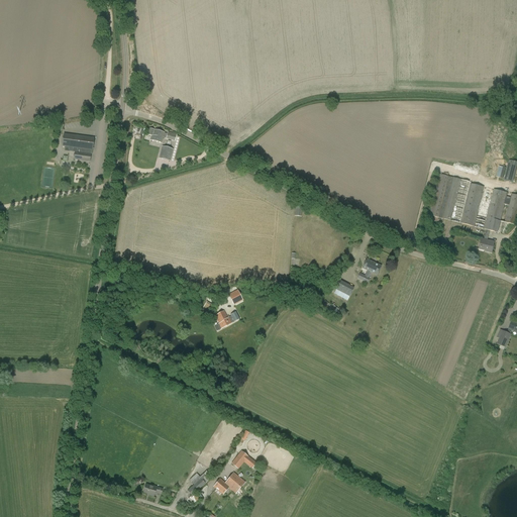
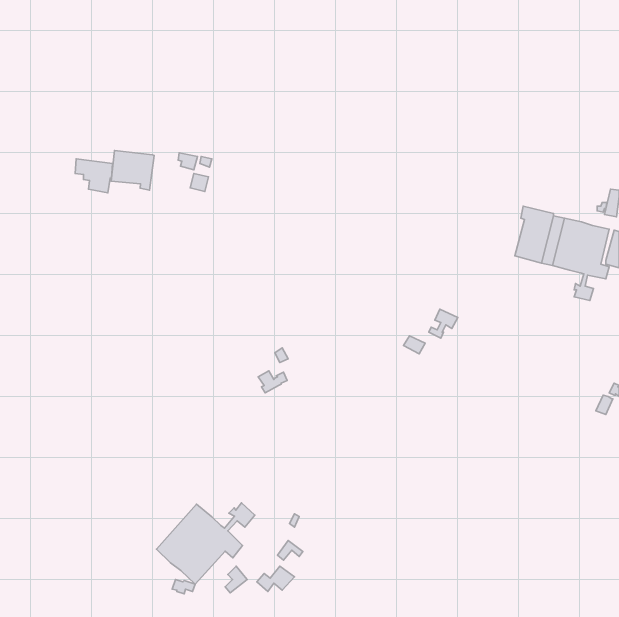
building: none -> [111,151,154,190]
building: none -> [157,503,255,584]

